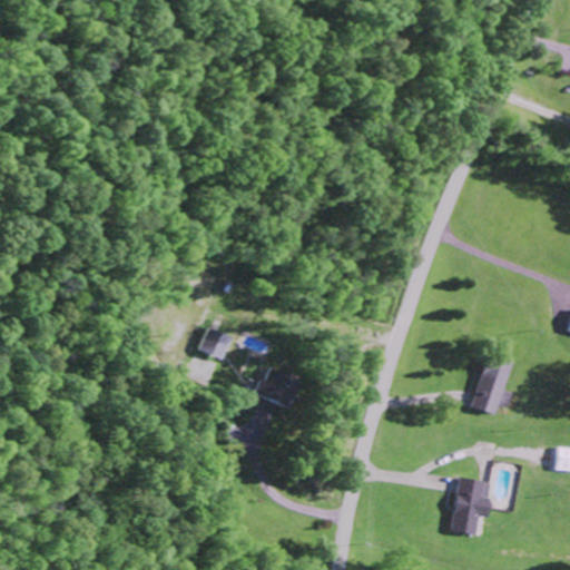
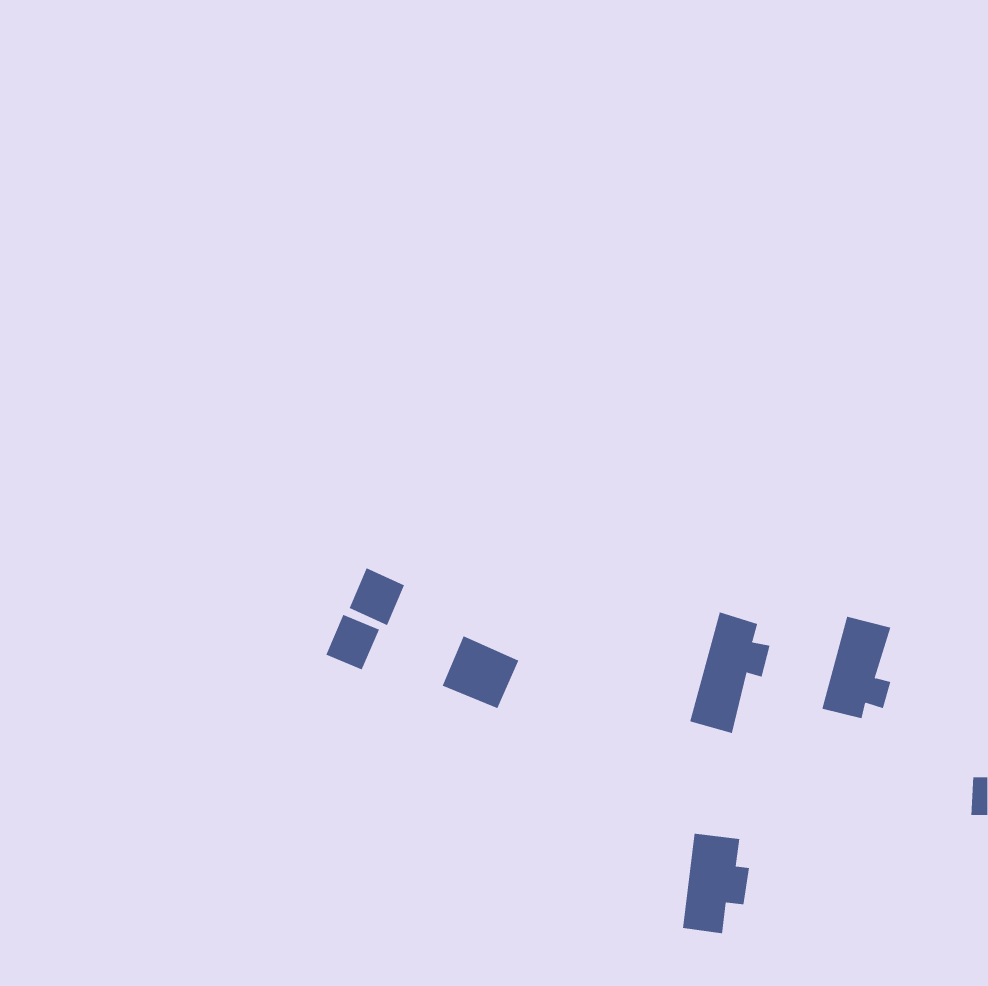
building: none -> [690,612,770,734]
building: [451,476,490,534] -> [682,833,750,934]

